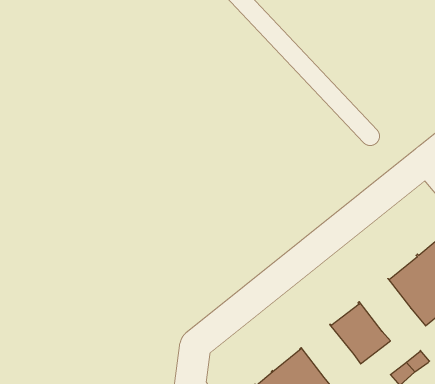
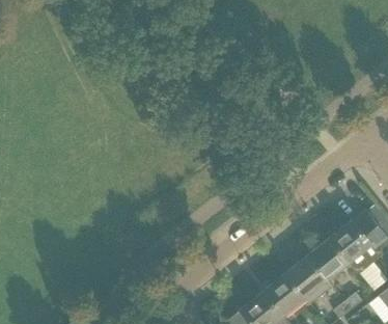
building: none -> [309,237,349,277]
building: none -> [265,272,305,313]

